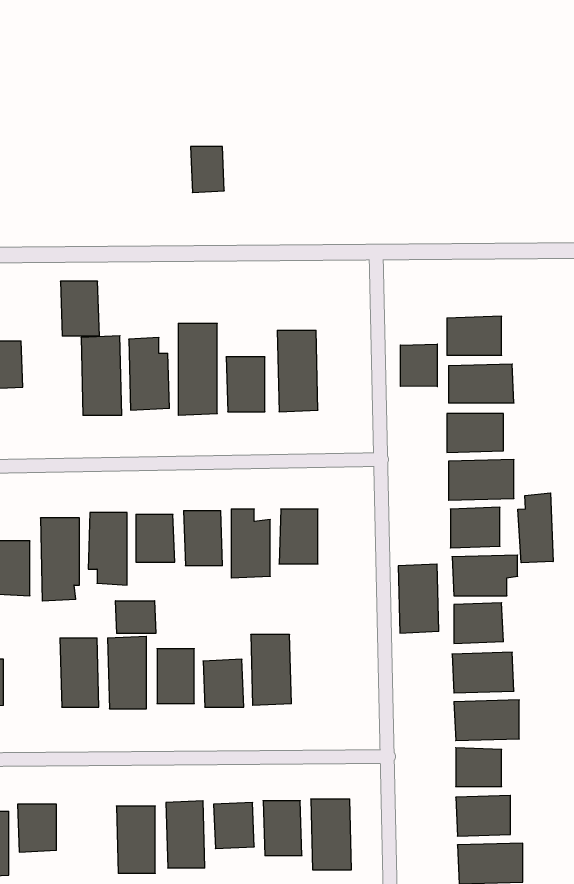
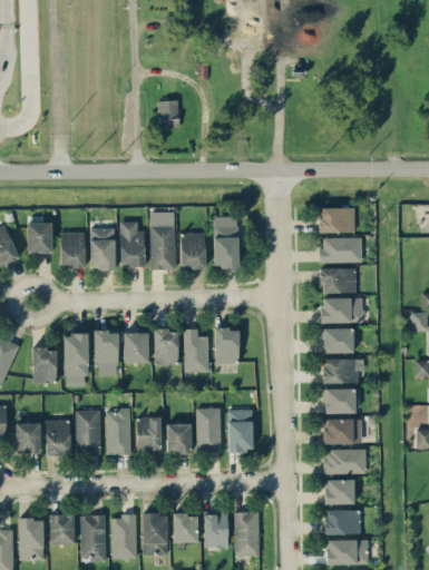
building: [60,281,99,336] -> [60,232,85,266]
building: [400,344,437,387] -> none
building: [518,493,553,563] -> none
building: [398,564,439,633] -> [227,409,253,452]
building: [116,601,156,633] -> none
building: none -> [46,420,70,455]
building: none -> [80,514,106,560]

